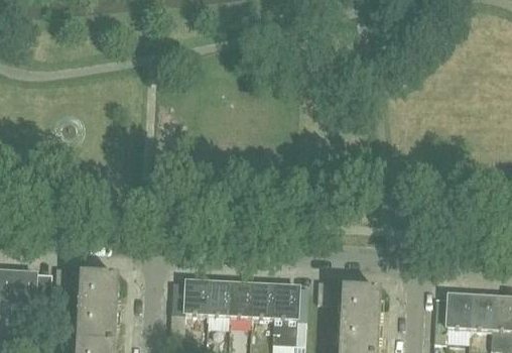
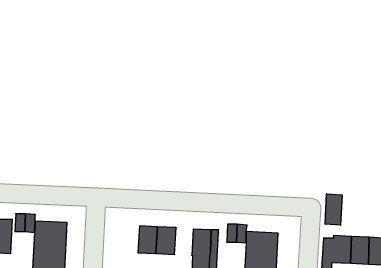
building: none -> [325,194,342,225]
building: [171,280,209,315] -> none
building: [252,283,275,318] -> none

